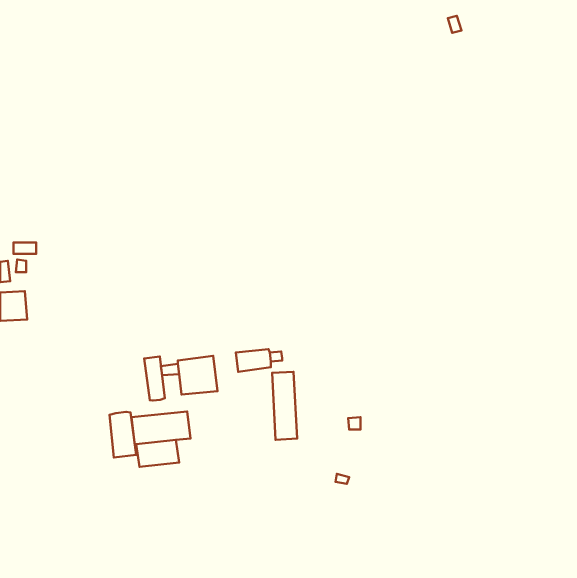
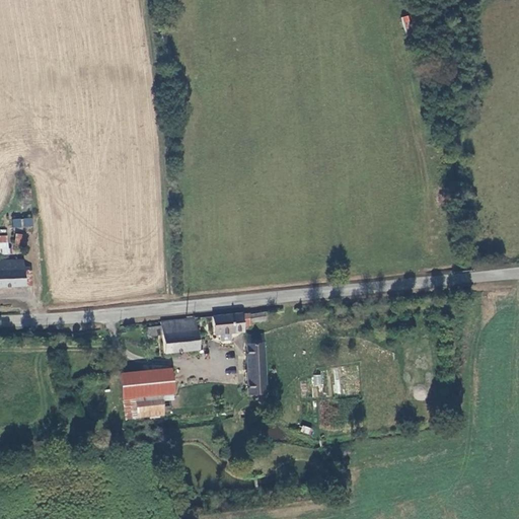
building: [144,356,165,401] -> none
building: [109,412,136,458] -> none

